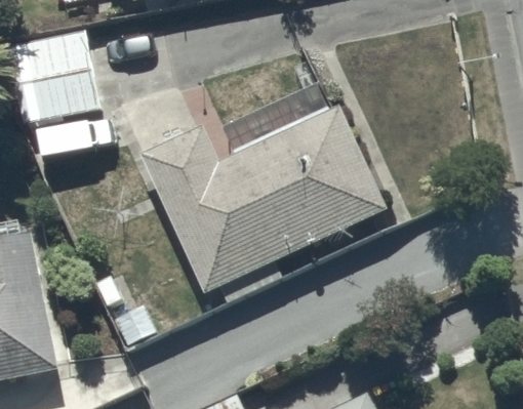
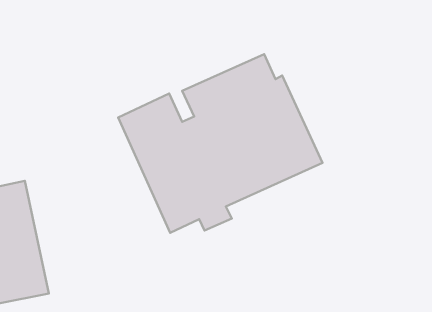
building: [5,31,95,122] -> none

